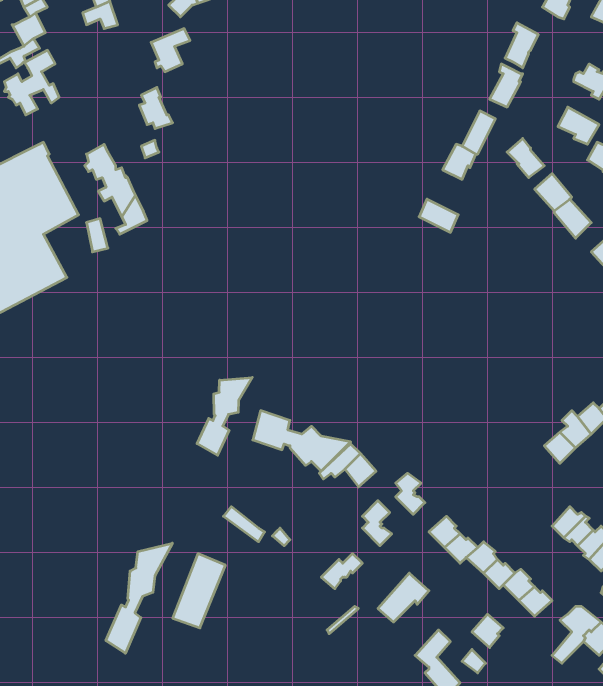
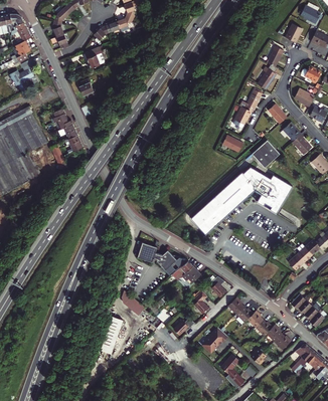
building: none -> [252,140,279,168]
building: none -> [190,167,291,234]
building: [197,377,252,455] -> none
building: [106,543,172,653] -> none

